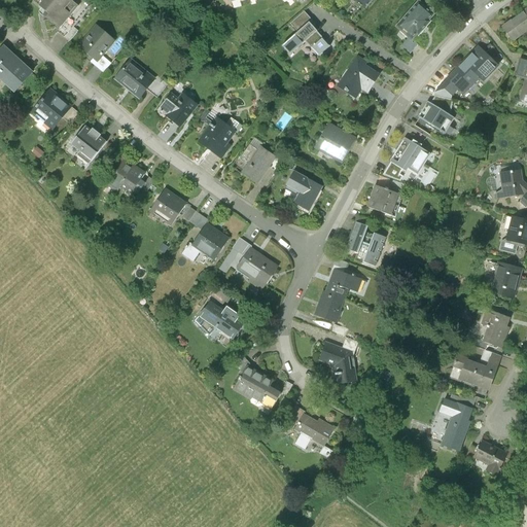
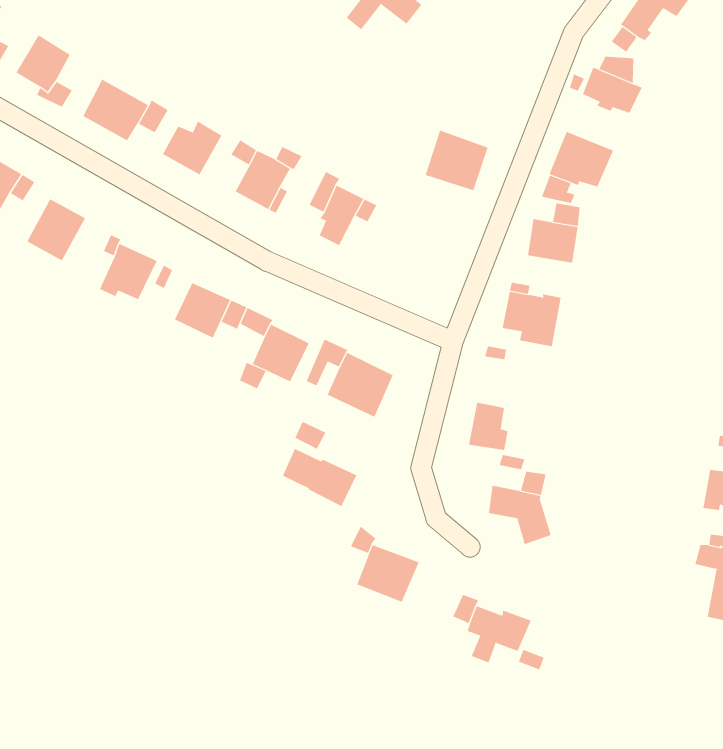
building: [338,57,380,98] -> none
building: [284,170,321,209] -> none
building: [326,269,360,296] -> none

